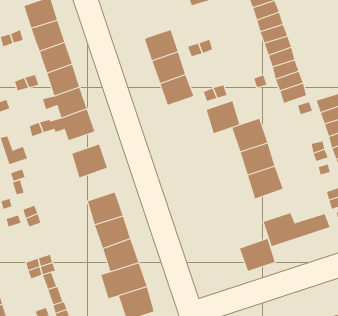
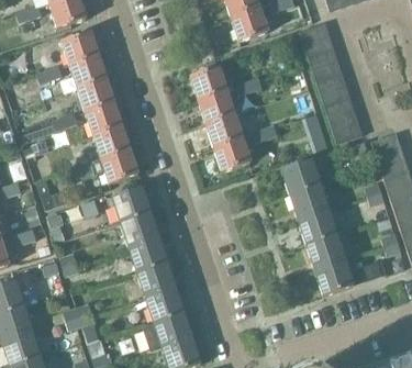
building: [206,101,240,134] -> [213,135,249,170]
building: none -> [120,211,158,246]
building: [239,238,276,272] -> [305,233,344,268]

